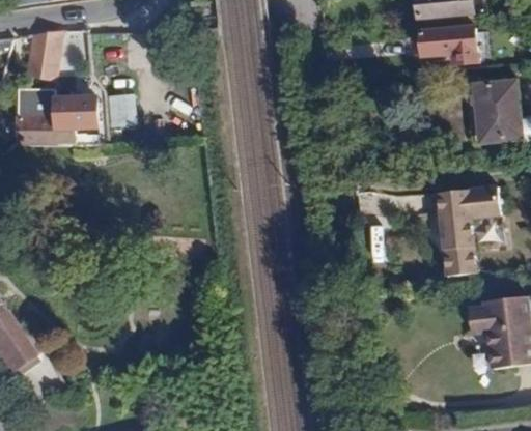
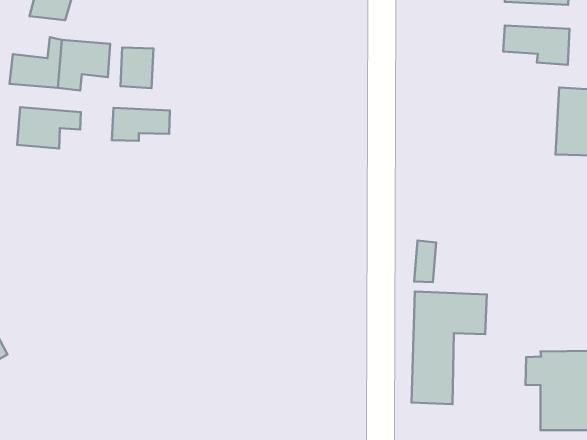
building: none -> [112,108,170,141]
building: none -> [17,107,81,149]
building: [437,186,499,283] -> [411,292,487,404]

